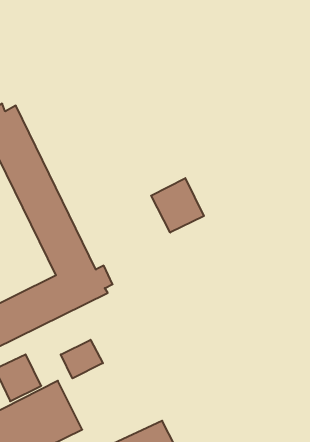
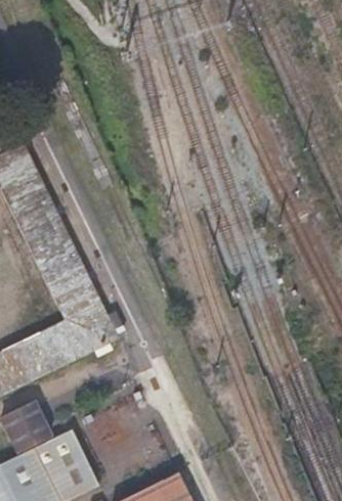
building: [151,178,204,233] -> none
building: [61,340,103,378] -> none

